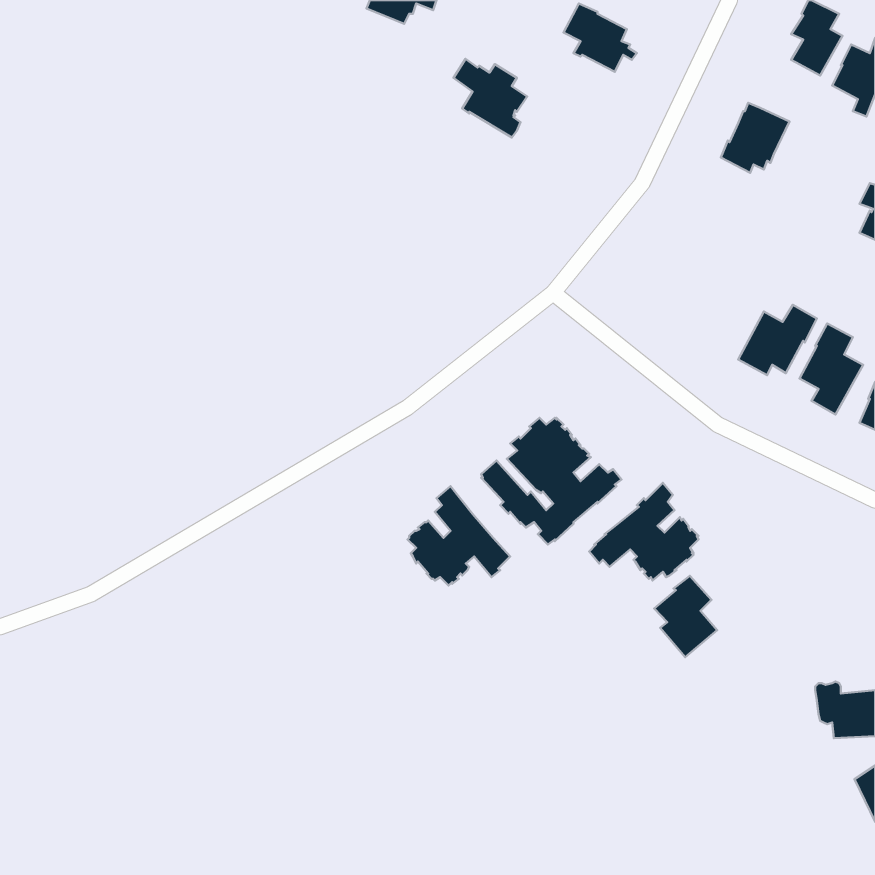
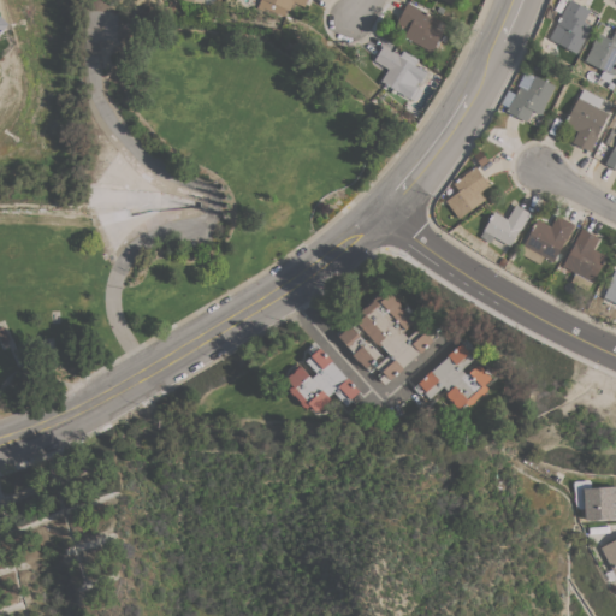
building: [454,59,527,138] -> [374,46,426,101]
building: none -> [564,89,609,152]
building: none -> [445,166,488,219]
building: none -> [482,205,531,245]
building: [654,576,717,657] -> none

